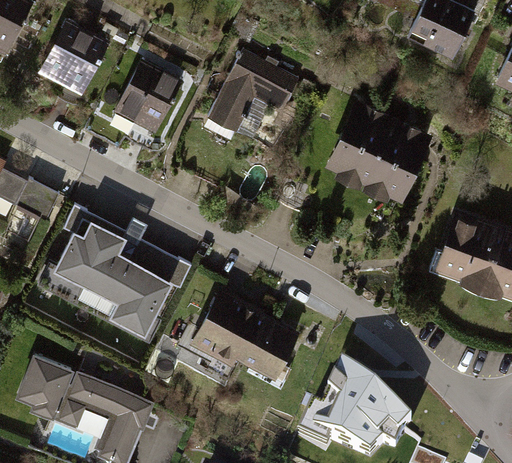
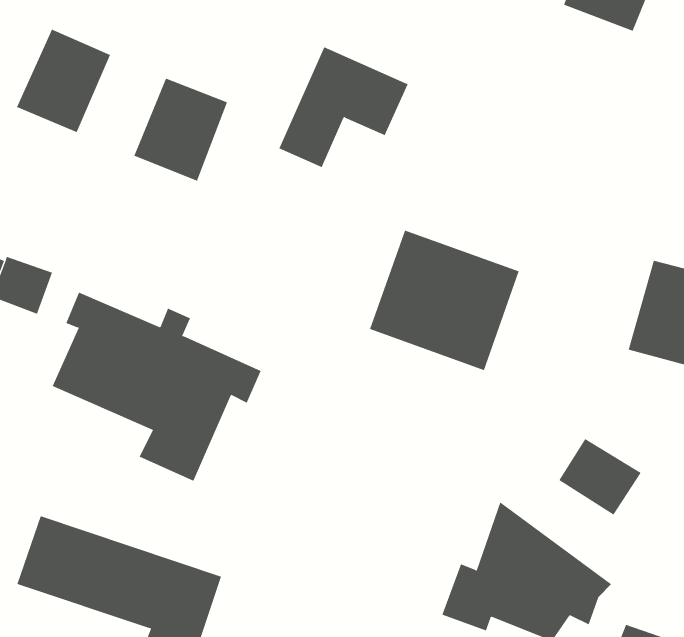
building: [327,106,429,203] -> [369,230,520,371]
building: [174,285,297,388] -> none
building: none -> [559,438,641,515]

